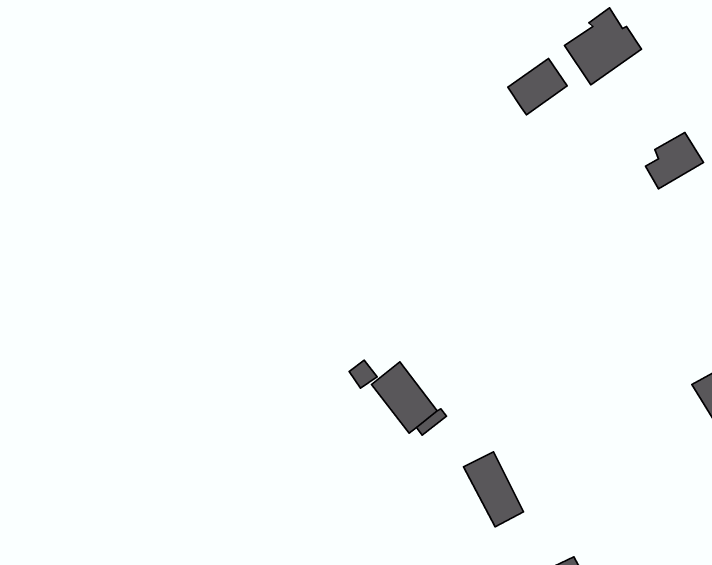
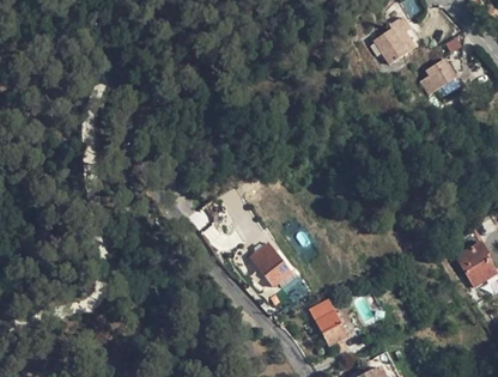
building: [508,58,567,115] -> none
building: [645,132,704,189] -> [420,59,457,95]

